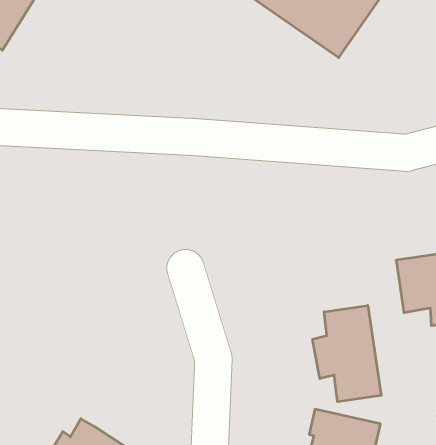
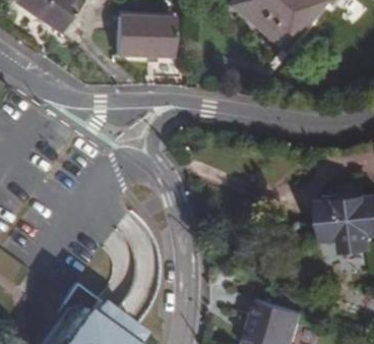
building: none -> [116,19,171,57]
building: [313,305,381,402] -> none

